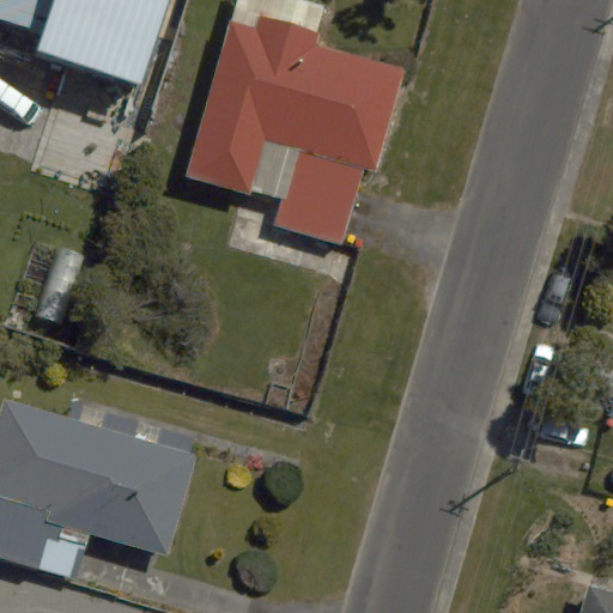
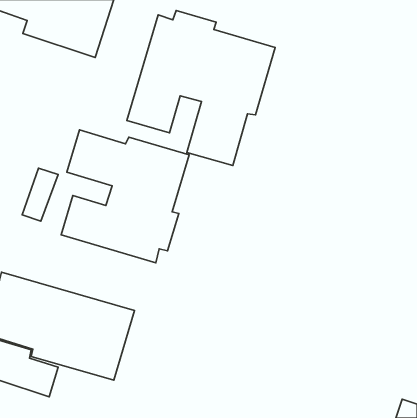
building: none -> [61,130,189,263]

